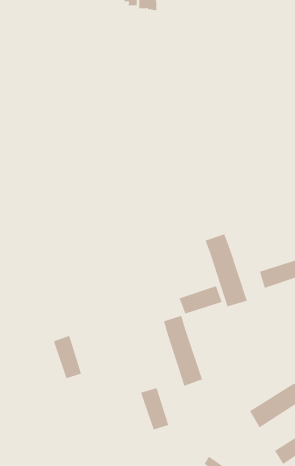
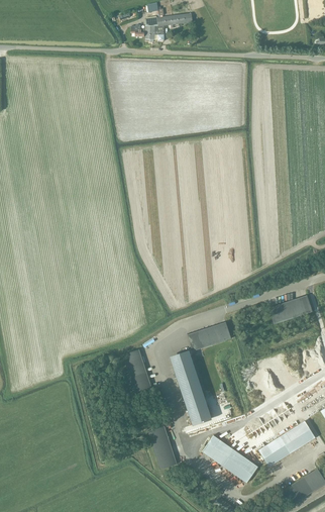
building: [205,234,247,307] -> none
building: [53,335,82,379] -> [122,348,151,393]
building: none -> [202,434,258,483]

